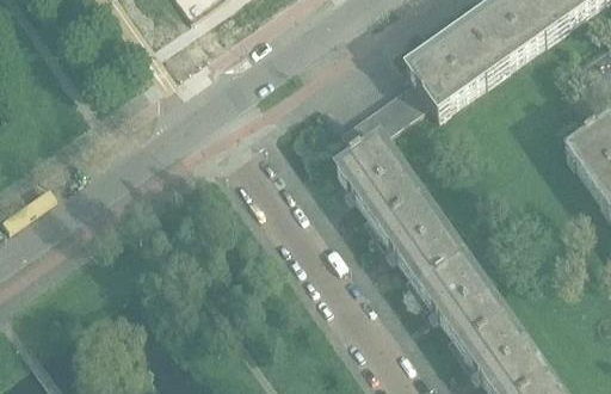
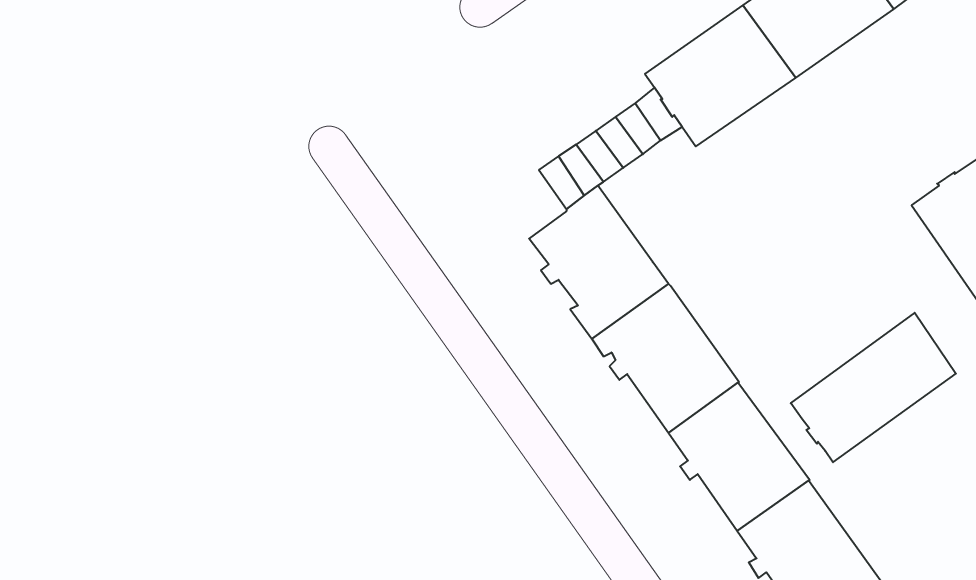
building: none -> [791,313,956,462]

